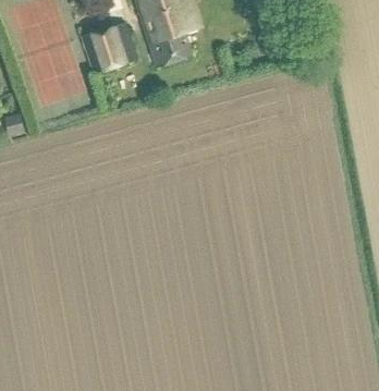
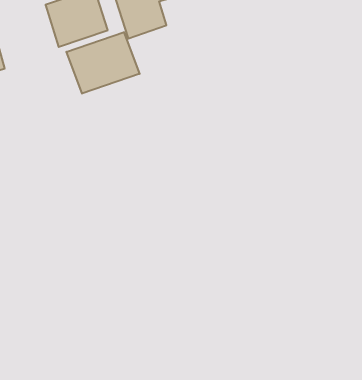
building: none -> [66,32,140,94]

